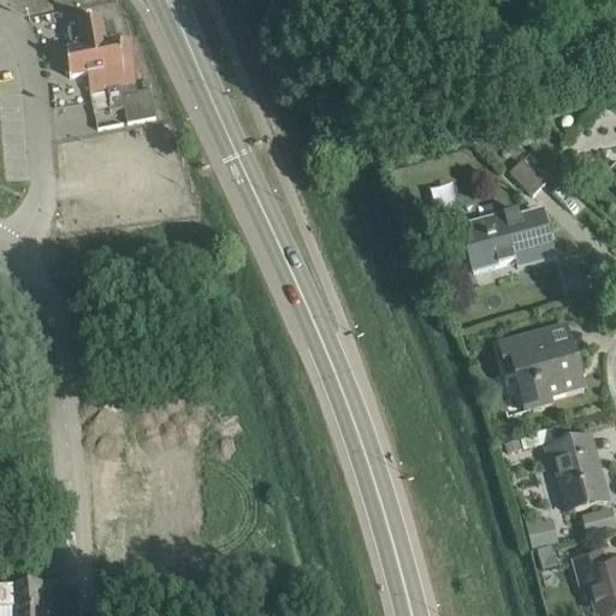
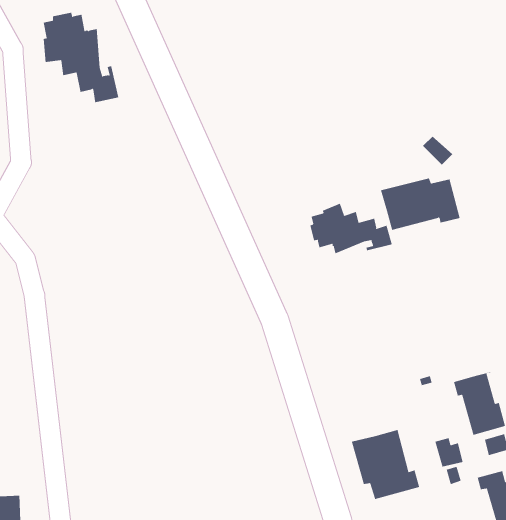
building: none -> [310,203,392,254]
building: [499,327,584,408] -> none
building: none -> [351,429,420,500]

